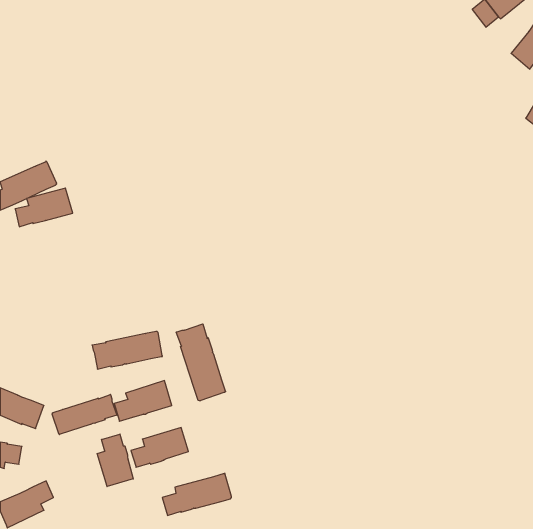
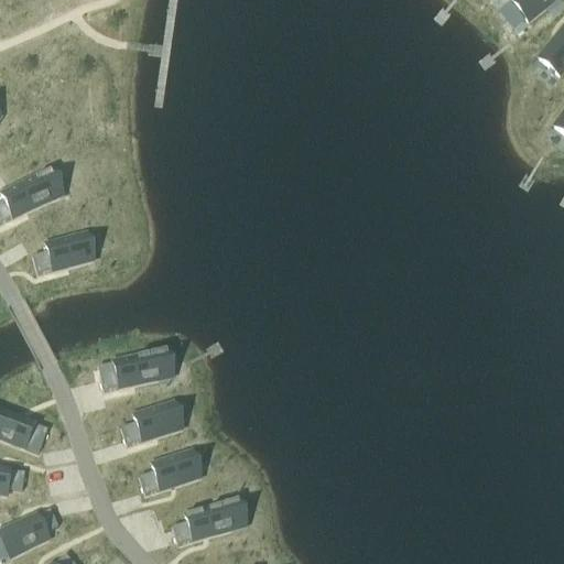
building: [15,188,73,227] -> [34,232,95,273]
building: [176,324,226,401] -> none
building: [52,394,117,435] -> none
building: [97,434,133,487] -> none

